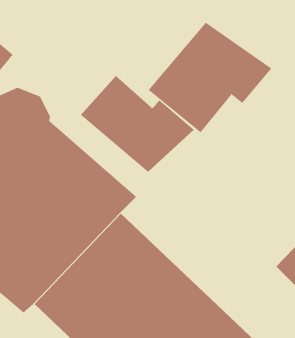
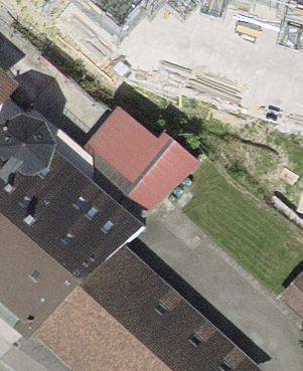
building: [148,22,272,133] -> none

